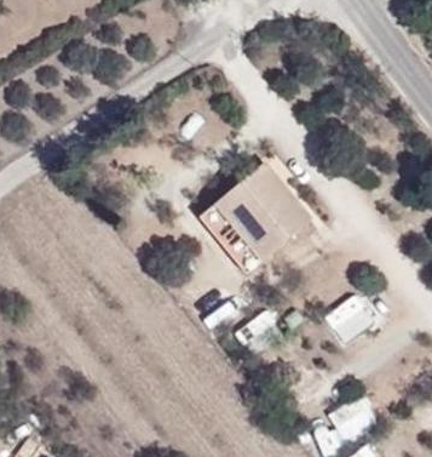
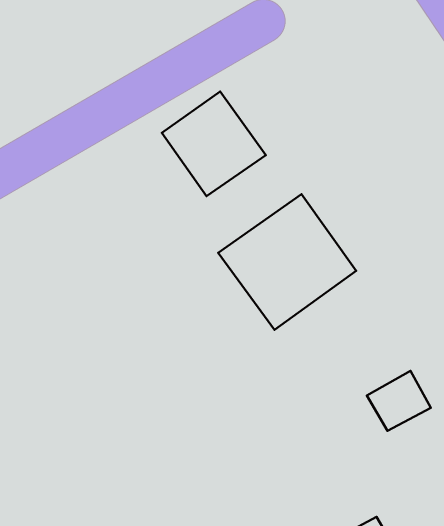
building: none -> [162,91,266,196]

